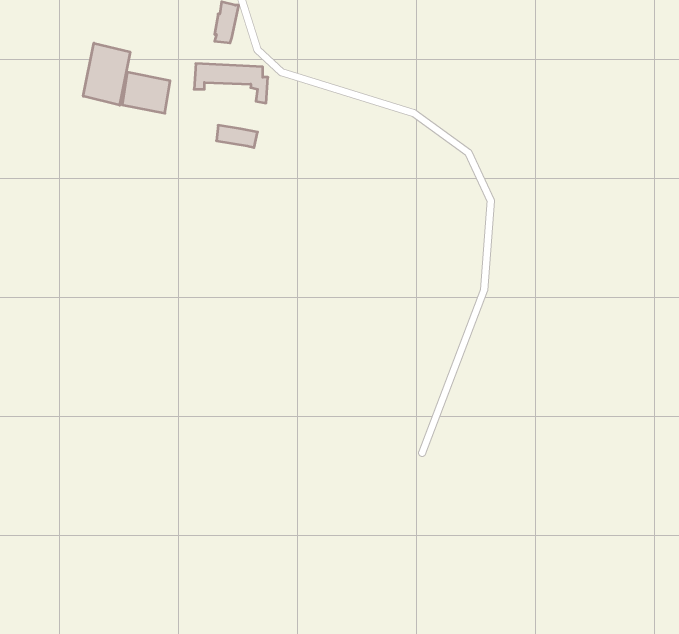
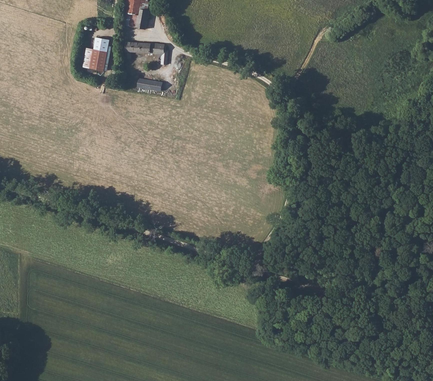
building: [83,43,130,105] -> none

